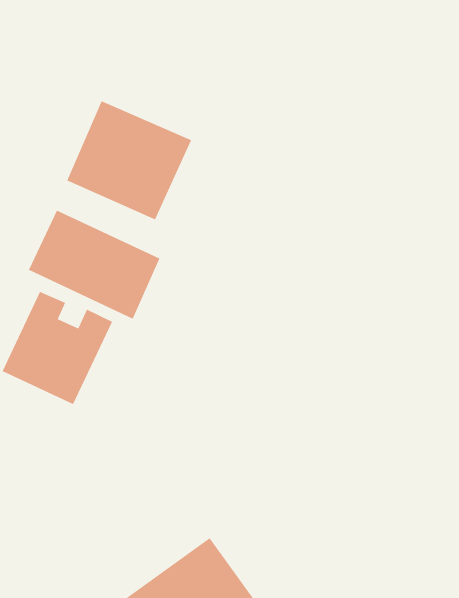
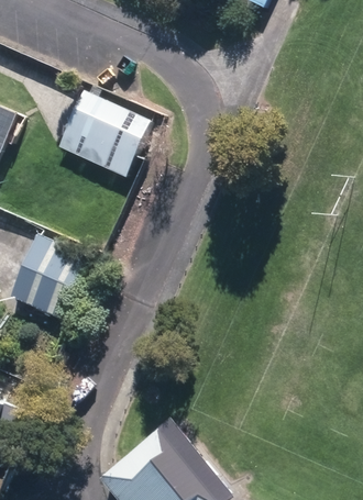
building: [28,210,160,320] -> none

